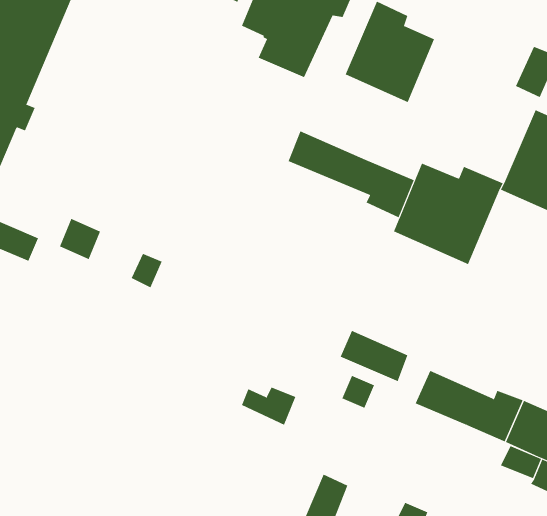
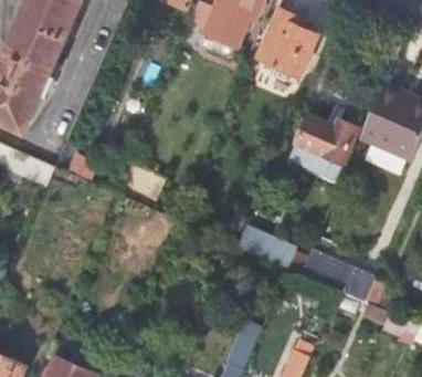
building: [288,131,415,218] -> none

